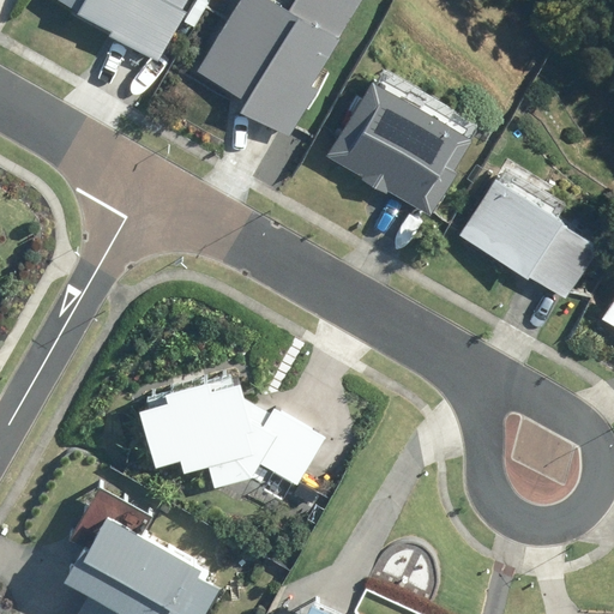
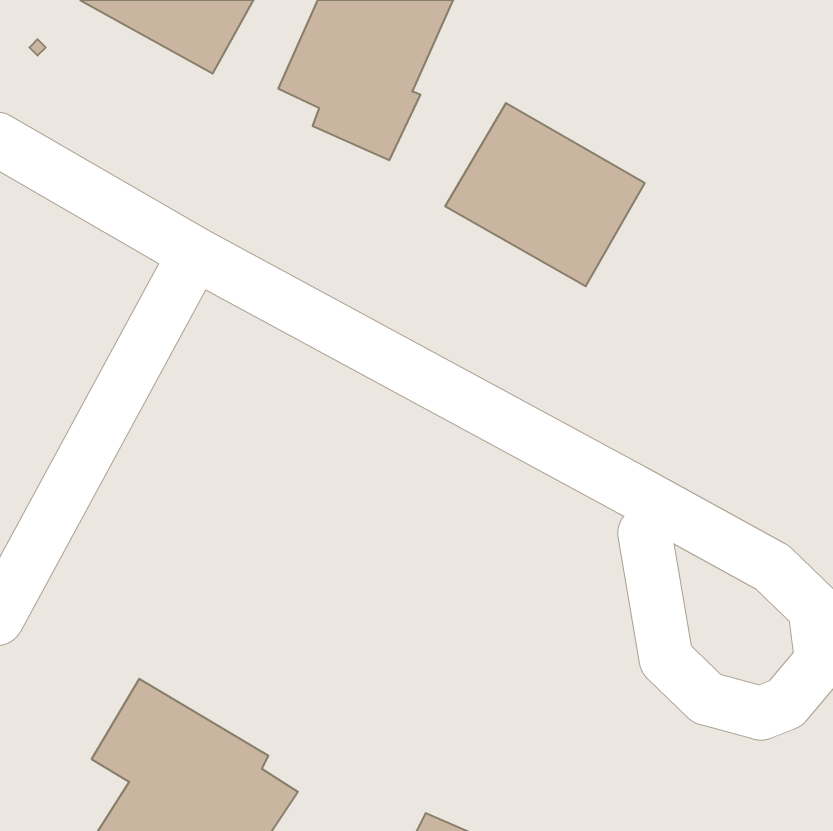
building: [460,176,601,299] -> none
building: [139,378,324,487] -> none

